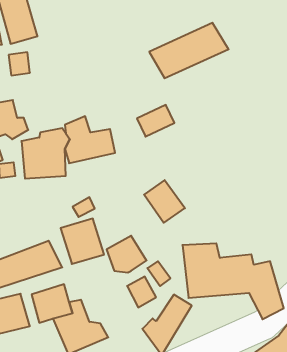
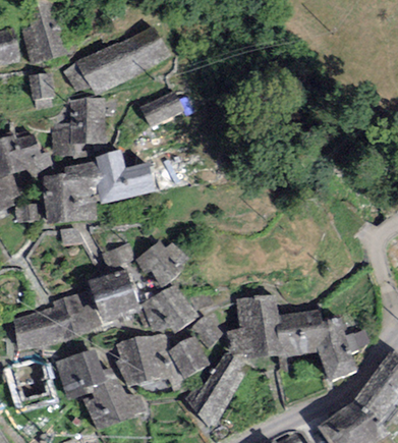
building: [149,23,229,78] -> [76,25,171,92]
building: none -> [51,95,107,153]
building: [137,105,174,137] -> [140,91,185,128]
building: [144,180,185,223] -> [138,236,187,287]
building: none -> [115,335,171,386]

